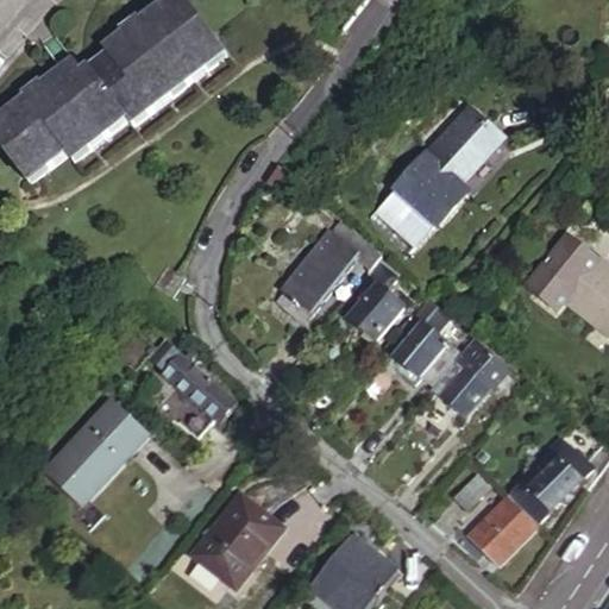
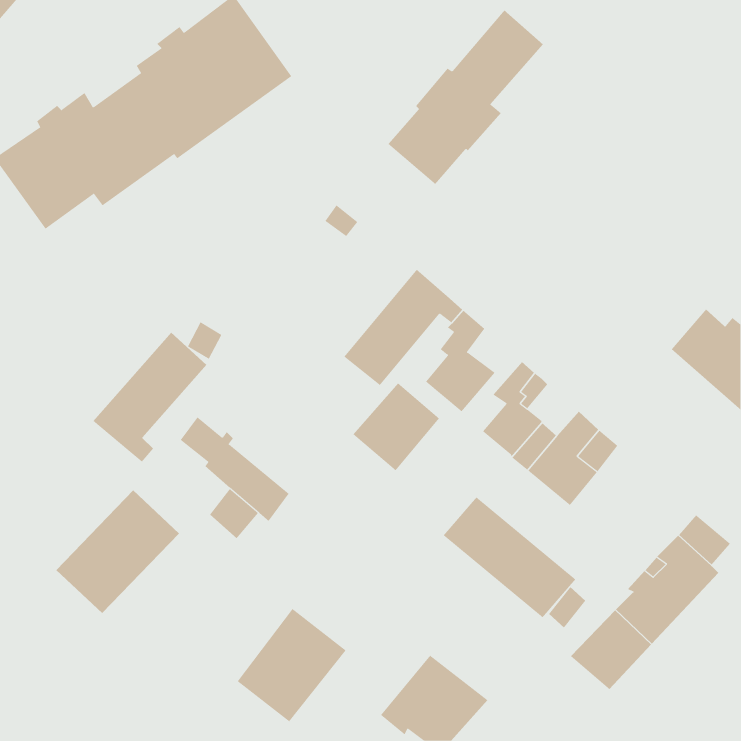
building: [371,112,498,255] -> [387,9,544,185]
building: none -> [93,332,207,463]
building: none -> [352,383,440,471]
building: none -> [443,497,576,618]

